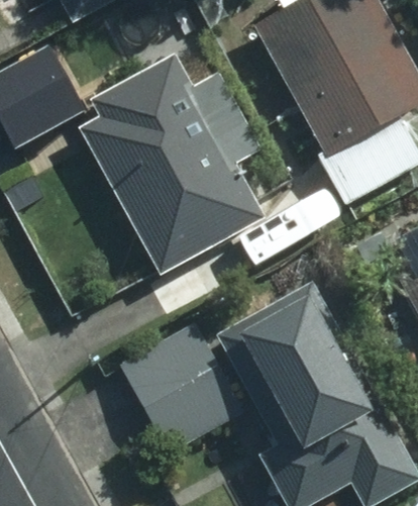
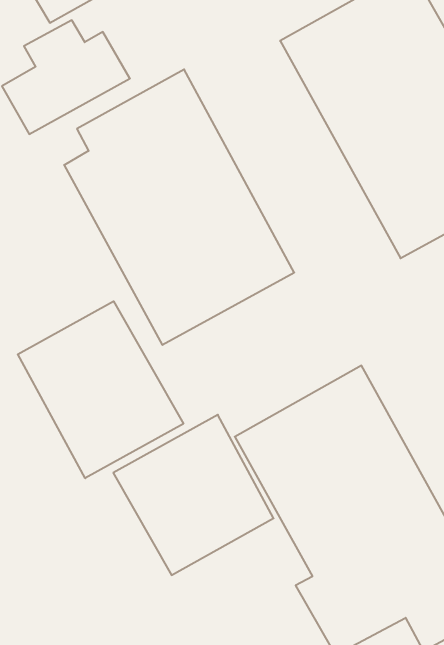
building: none -> [18,301,183,478]

